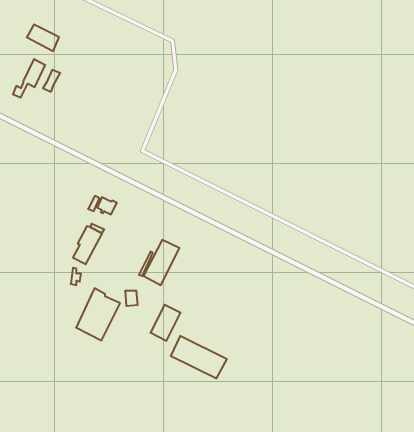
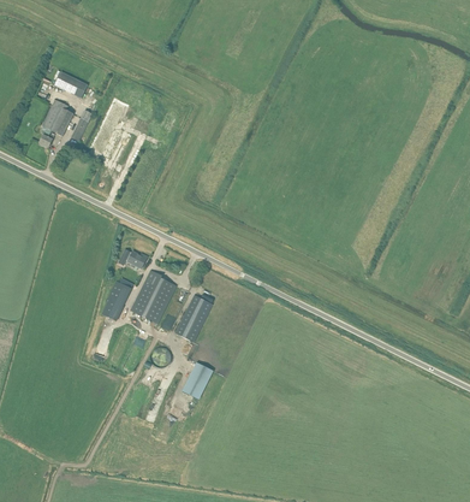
building: [76,288,120,340] -> [131,268,177,323]
building: [171,336,227,378] -> none

